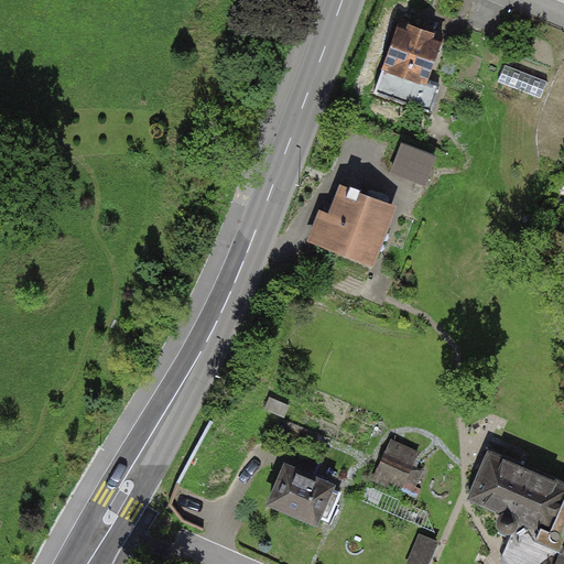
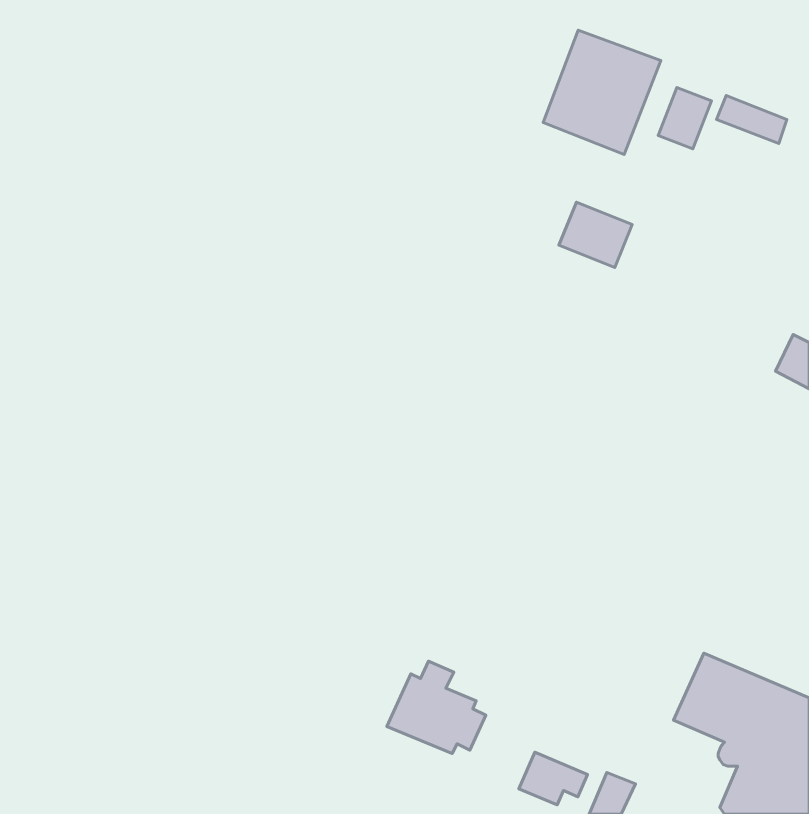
building: none -> [658,88,711,149]
building: [312,180,397,268] -> none
building: [371,455,419,491] -> [519,752,587,805]

